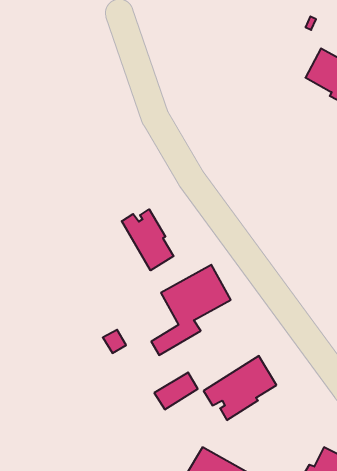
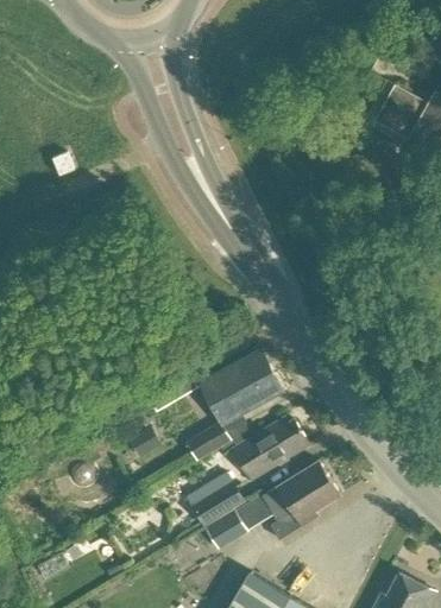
building: [122,209,174,270] -> none
building: none -> [231,418,305,481]
building: none -> [204,511,247,549]

